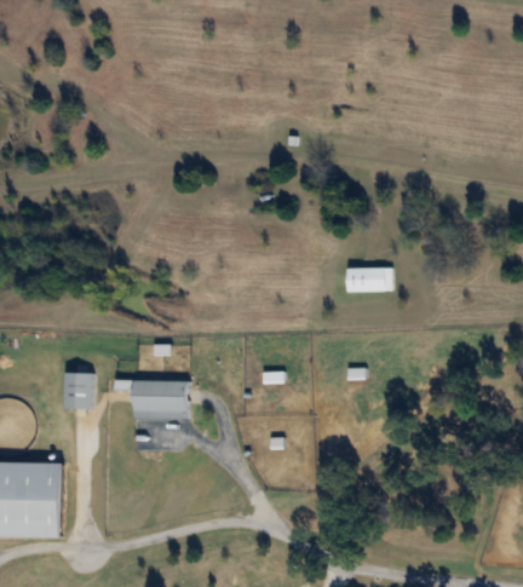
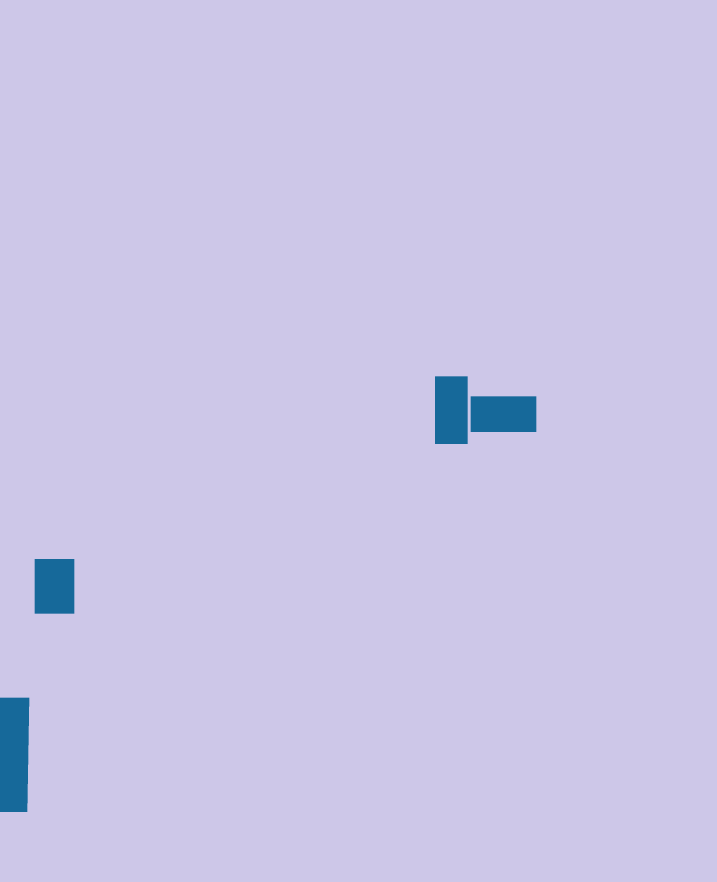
building: none -> [434,376,468,445]
building: [132,381,186,419] -> none

